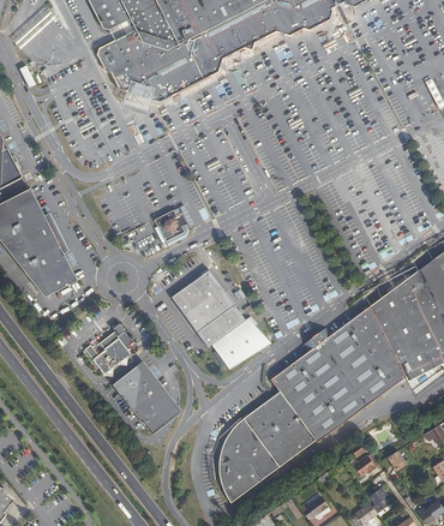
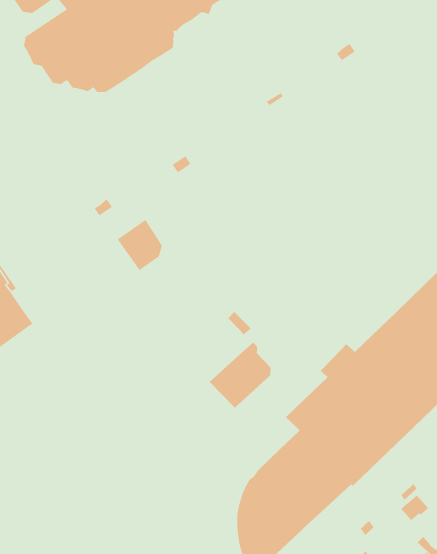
building: [172,270,245,347] -> none
building: [92,331,132,375] -> none
building: [113,364,167,437] -> none

